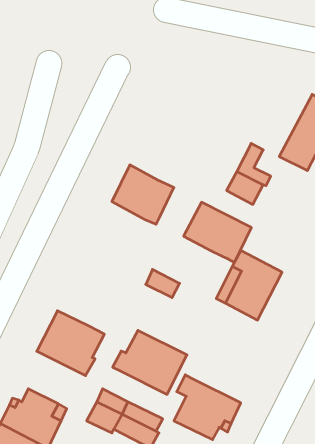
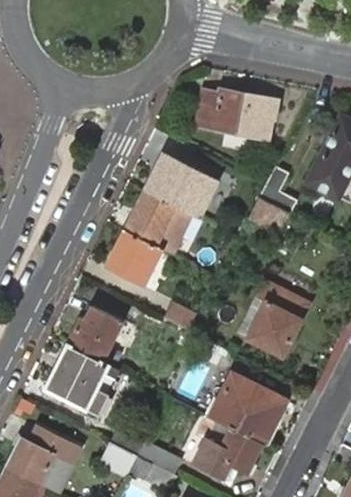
building: none -> [198,90,275,146]
building: none -> [108,229,161,285]
building: [184,202,251,262] -> [145,154,217,218]
building: none -> [68,305,121,361]
building: [113,330,187,394] -> [205,375,284,443]

